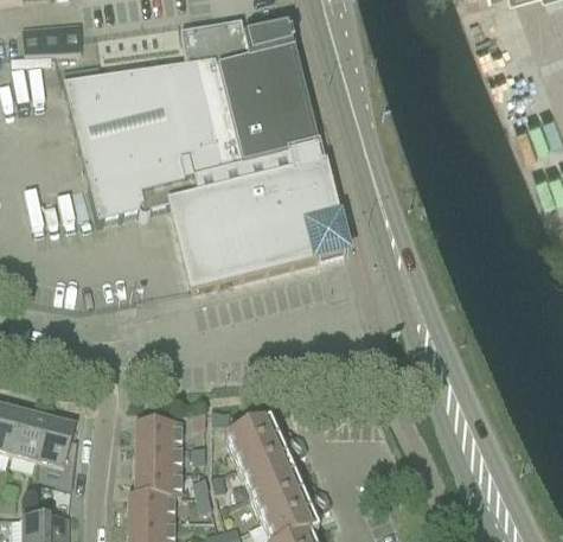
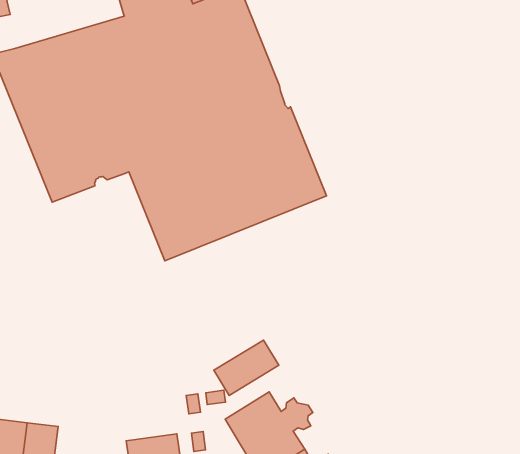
building: none -> [214,340,279,395]
building: [136,420,183,444] -> none

